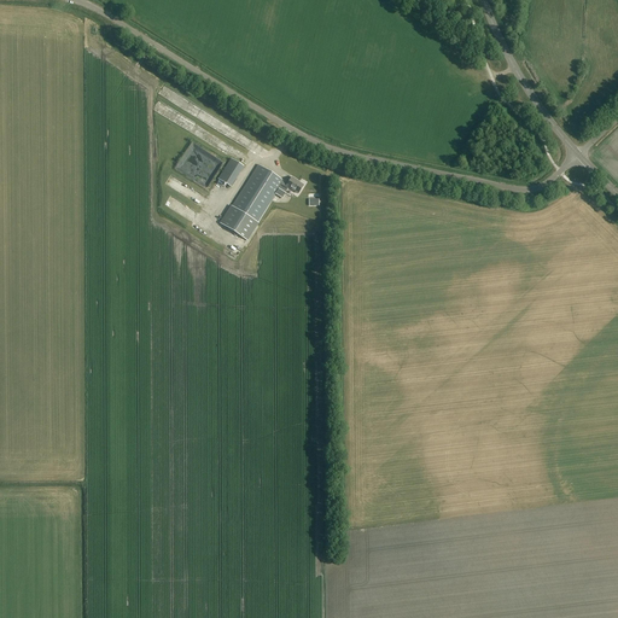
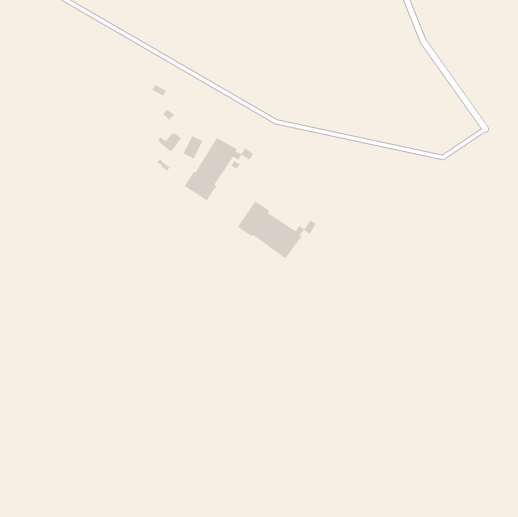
building: none -> [237,200,317,259]

